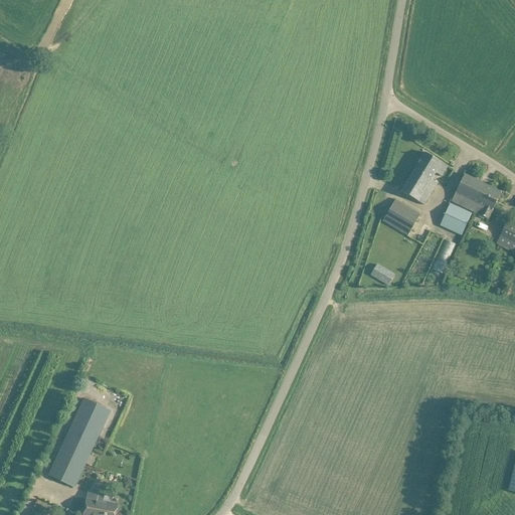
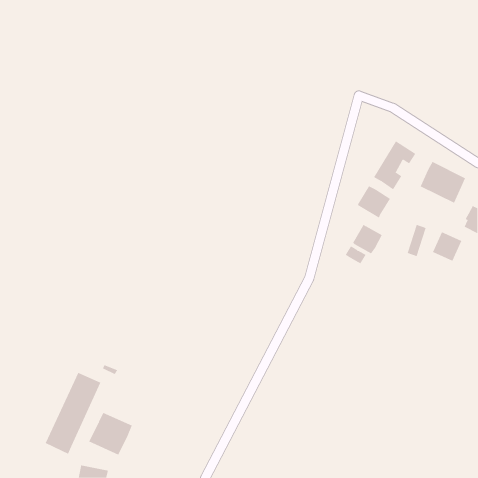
building: [440,202,472,234] -> [432,231,462,261]
building: none -> [352,224,383,254]
building: none -> [89,412,133,456]

